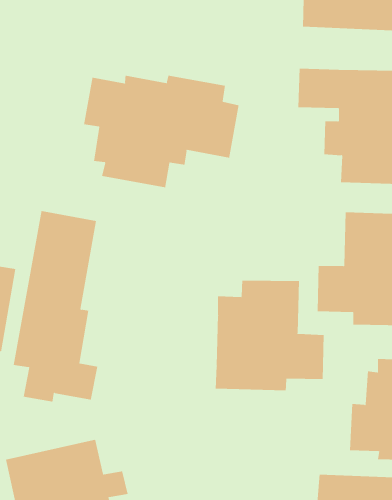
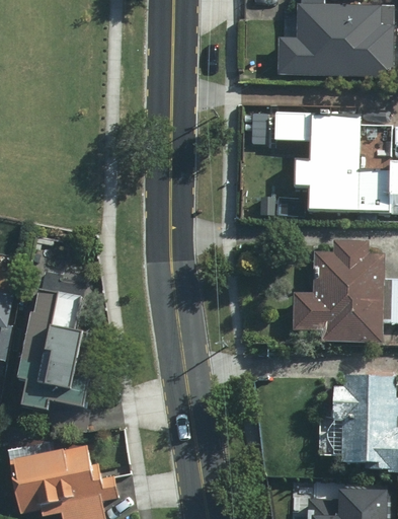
building: [84,75,239,188] -> none
building: [215,280,324,391] -> none

